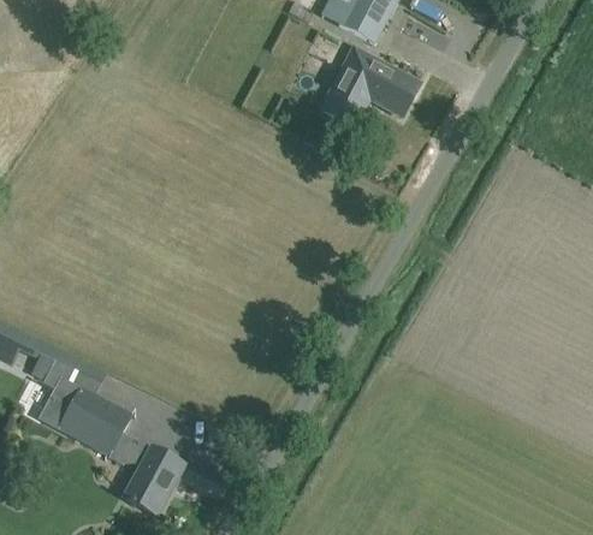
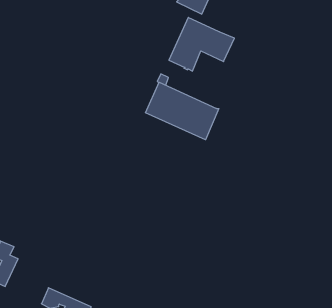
building: none -> [145,82,219,140]
building: [57,385,130,453] -> none

